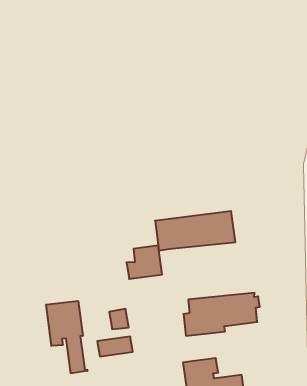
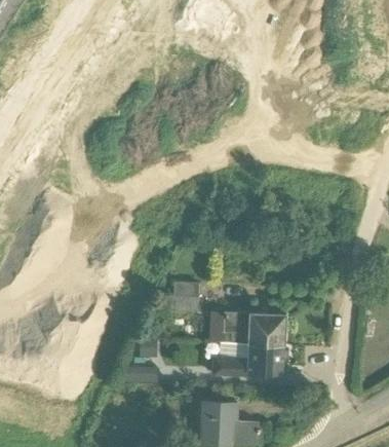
building: [155,211,235,251] -> [209,312,286,346]
building: [46,301,87,373] -> none

